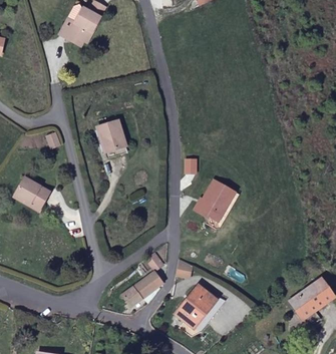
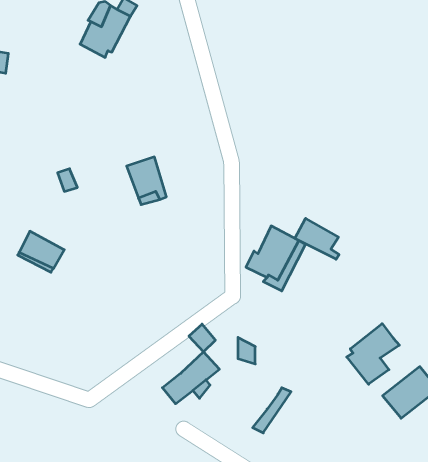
building: none -> [295,218,339,259]
building: none -> [347,324,399,384]
building: [175,288,212,326] -> none

